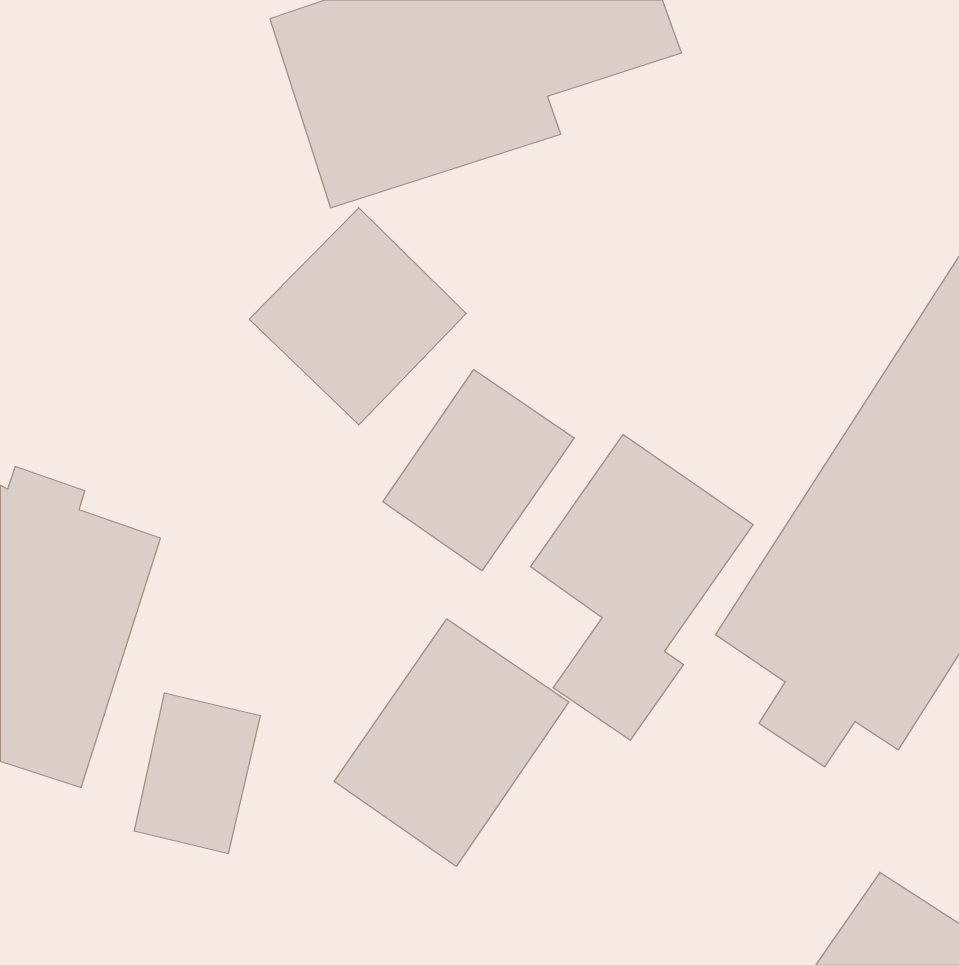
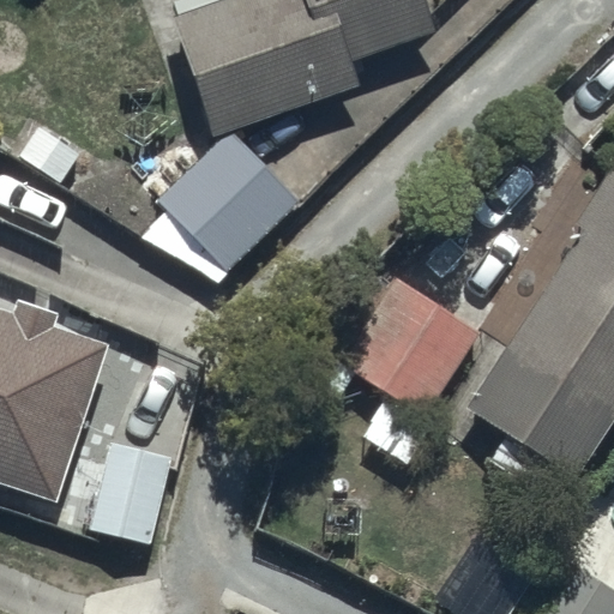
building: [383,370,574,571] -> none
building: [334,619,569,866] -> none

